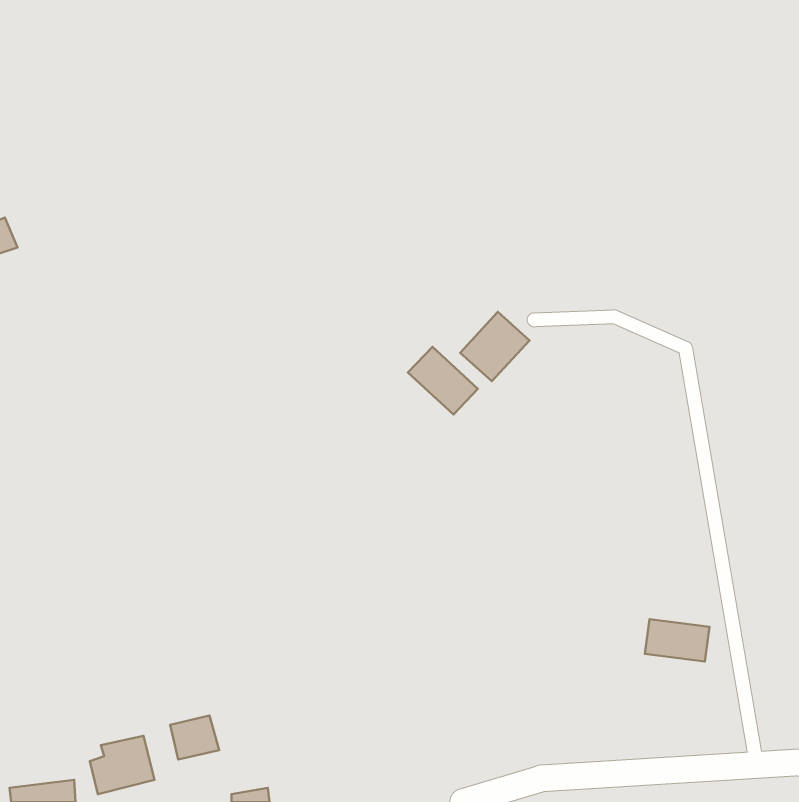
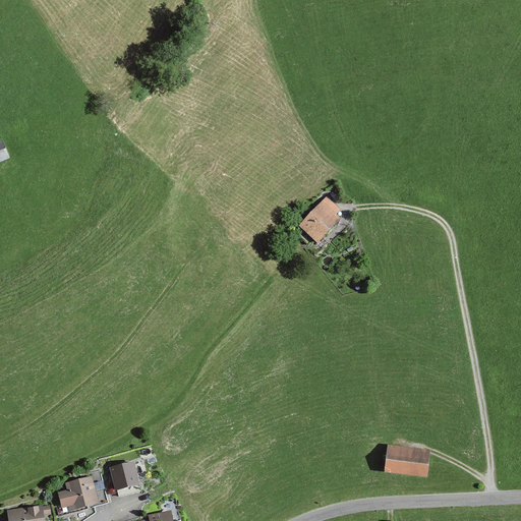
building: [408,347,478,415] -> none
building: [645,619,710,662] -> [383,445,424,472]

